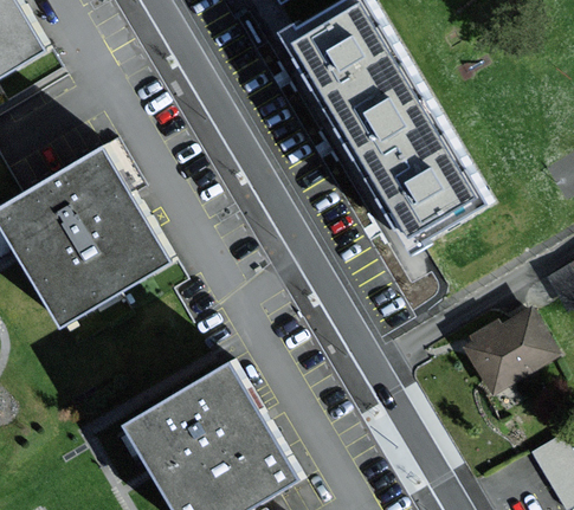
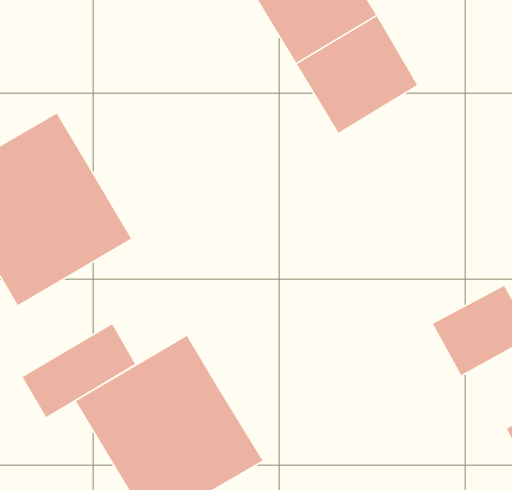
building: [367,121,483,233] -> none
building: none -> [21,323,136,418]

